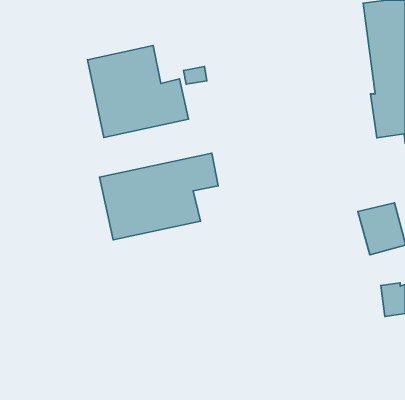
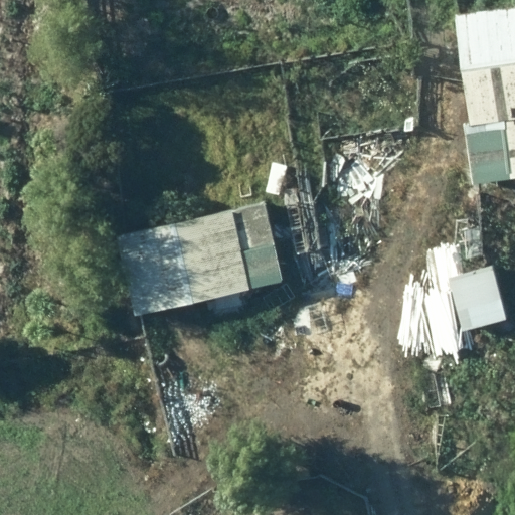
building: [87,45,189,137] -> none

